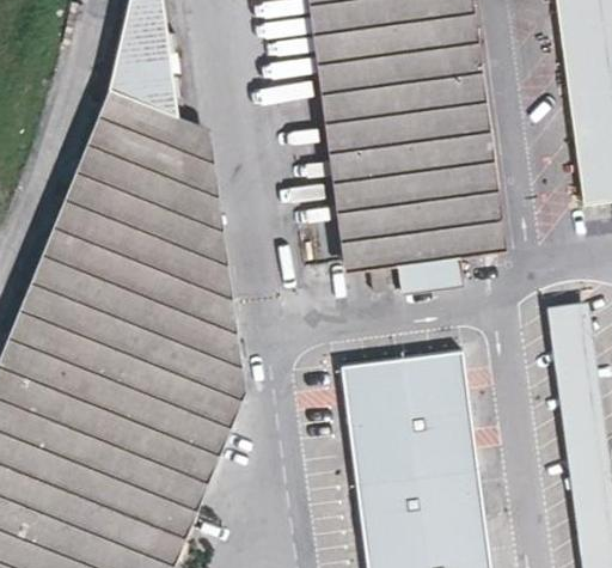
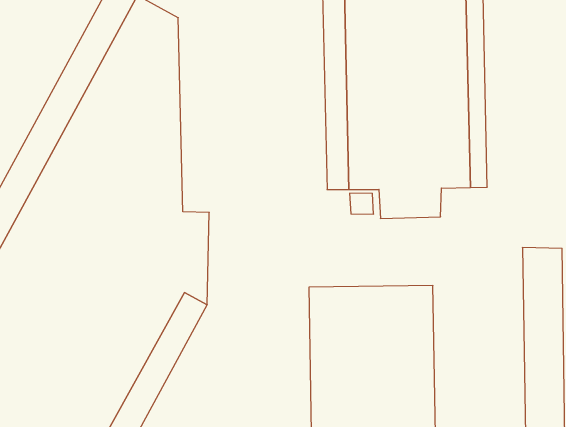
building: [179,114,232,306] -> none

